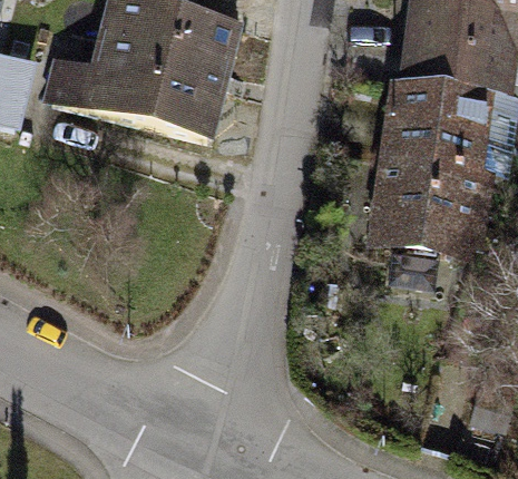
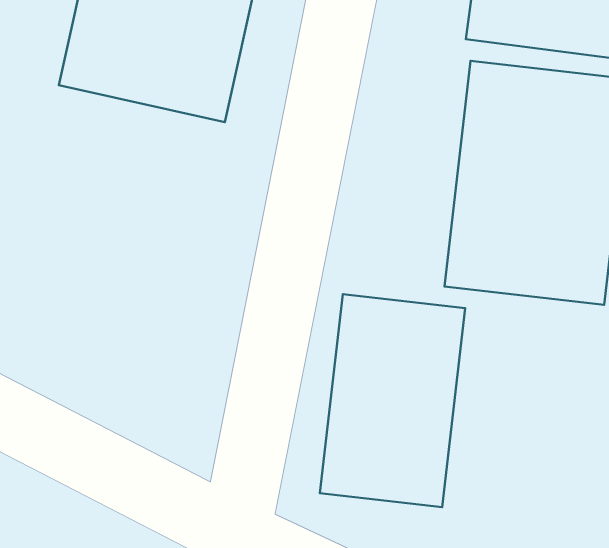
building: none -> [320,294,465,507]

